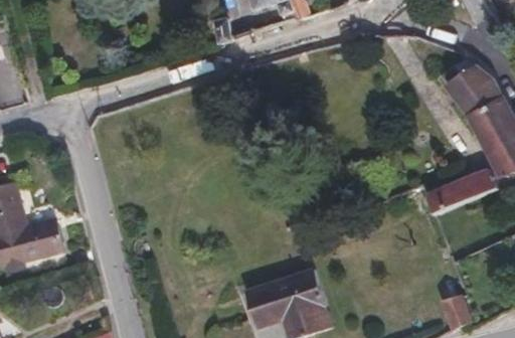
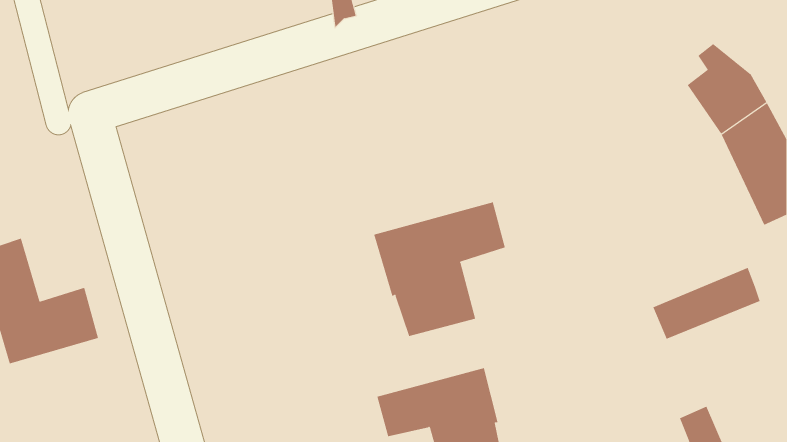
building: none -> [374,202,506,337]
building: [422,169,493,216] -> [652,267,760,340]

